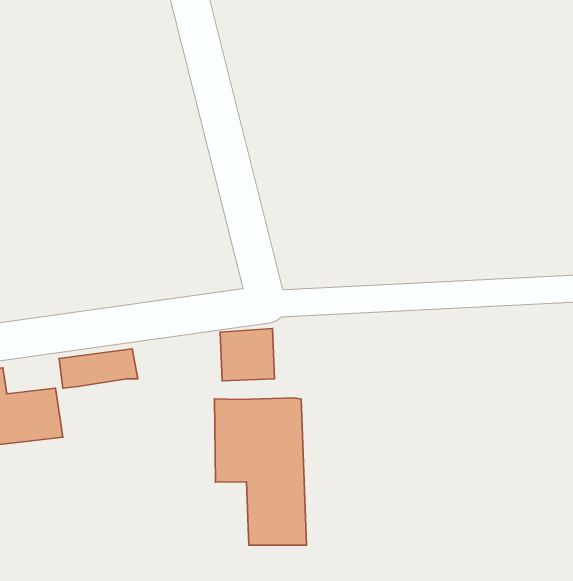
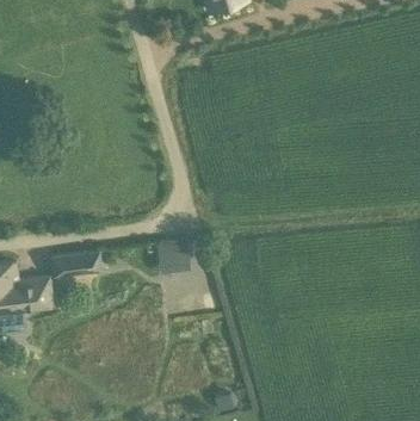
building: [215,398,307,545] -> none

